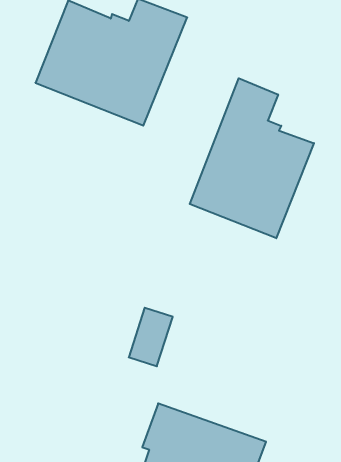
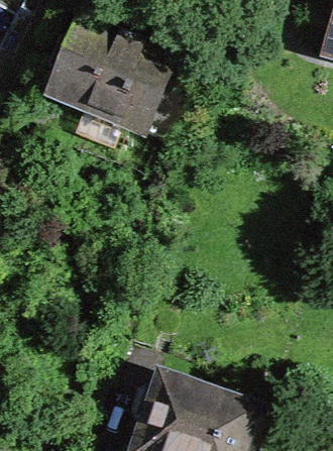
building: [190,78,314,238] -> none

